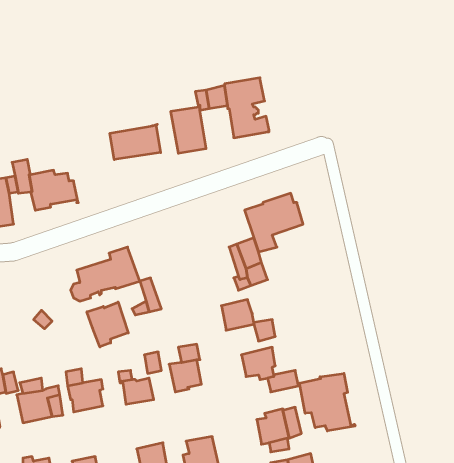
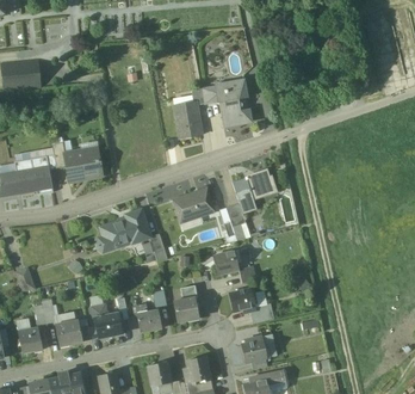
building: [110,124,161,160] -> none
building: none -> [172,187,215,223]
building: [87,302,128,347] -> none
building: [299,373,355,431] -> none

